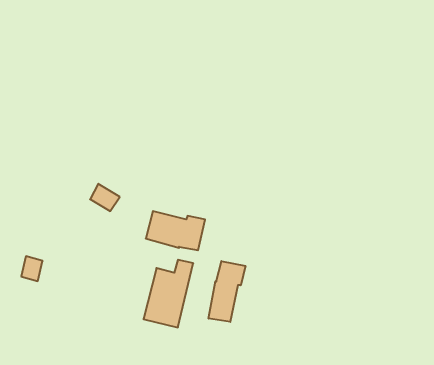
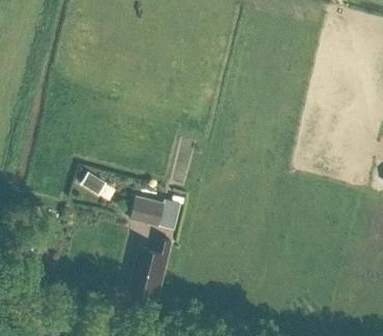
building: [209,261,245,322] -> none

